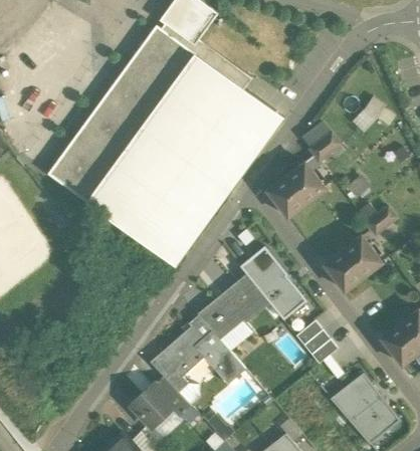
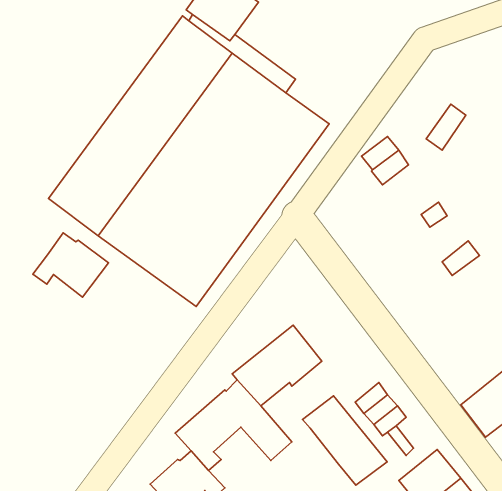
building: [267,163,325,218] -> none
building: none -> [33,233,108,297]
building: [325,236,382,291] -> none
building: [240,248,308,320] -> [303,396,387,485]

